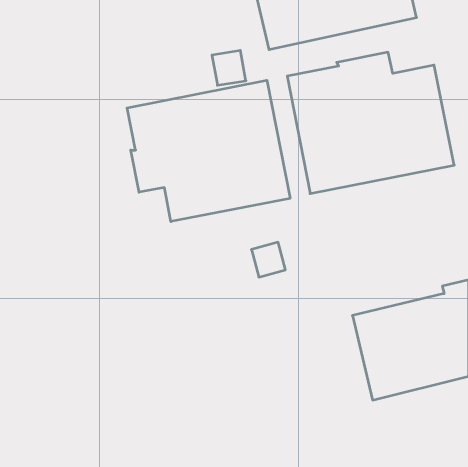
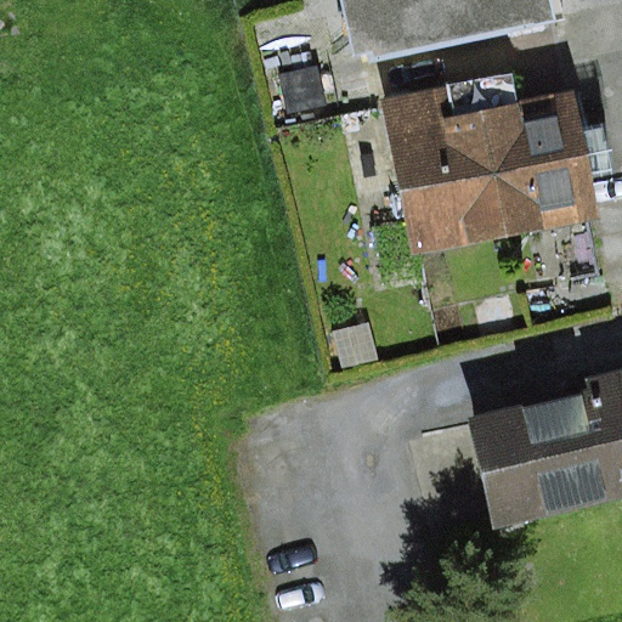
building: [127,80,290,222] -> none

